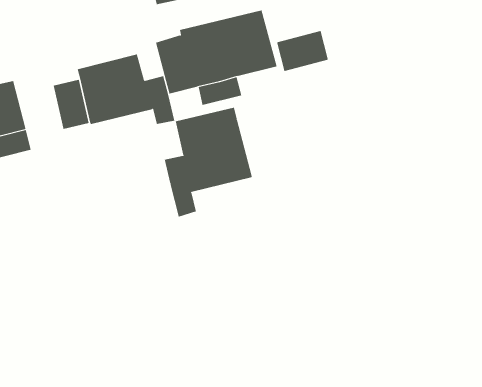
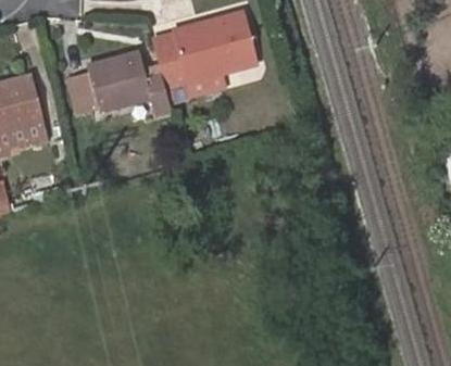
building: [277,30,329,72] -> none
building: [164,107,252,217] -> none

